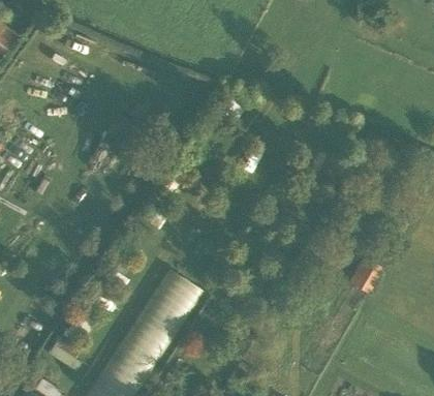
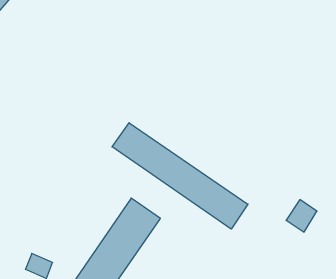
building: none -> [112,123,248,229]

